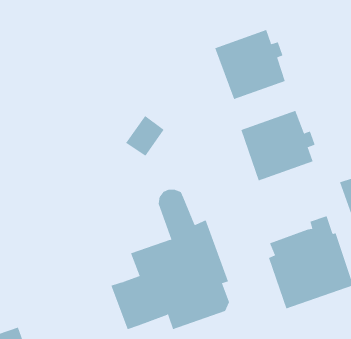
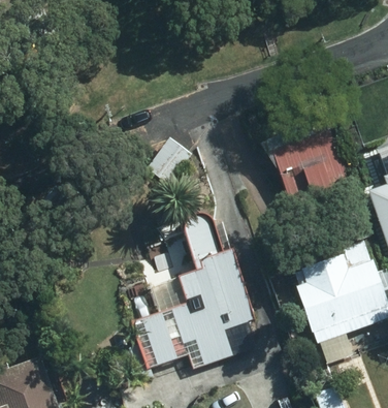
building: [215,29,286,100] -> none

